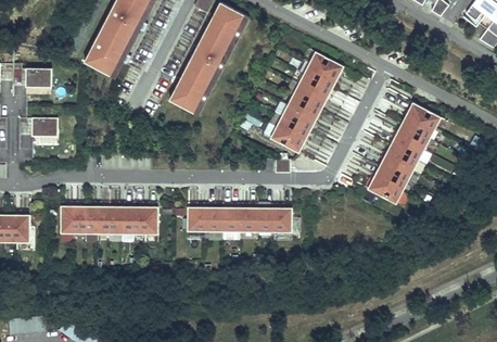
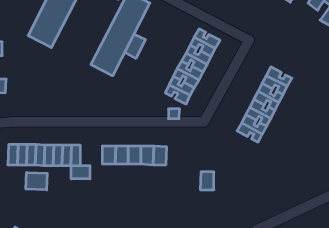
building: none -> [125,34,145,58]
building: [271,210,290,233] -> [200,172,214,190]
building: none -> [71,166,90,179]
building: none -> [26,172,47,190]

